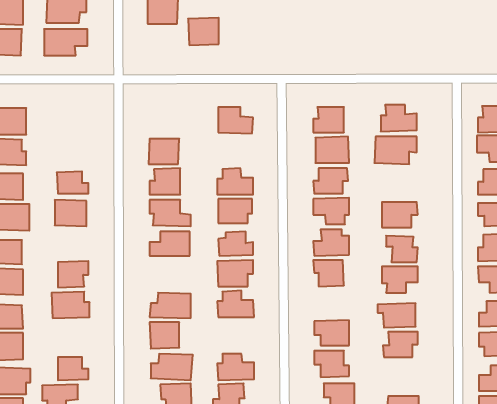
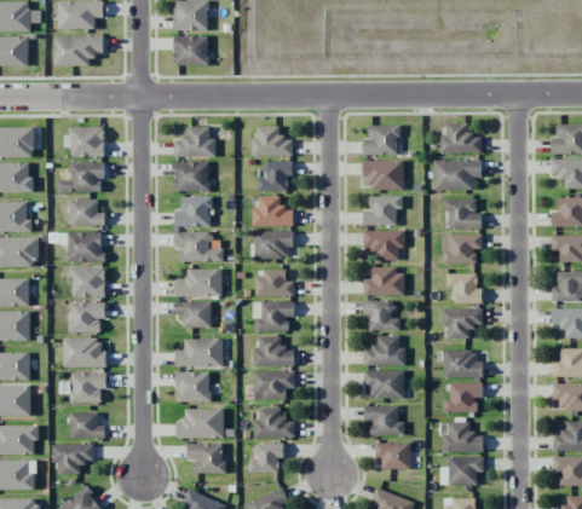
building: [188,18,219,45] -> [173,35,208,66]
building: none -> [174,126,215,157]
building: none -> [70,127,104,157]
building: none -> [258,161,293,191]
building: none -> [57,162,105,192]
building: none -> [446,198,482,229]
building: none -> [71,267,105,299]
building: none -> [175,301,212,328]
building: none -> [364,335,405,366]
building: none -> [254,371,295,400]
building: none -> [70,372,106,403]
building: none -> [442,422,483,452]

